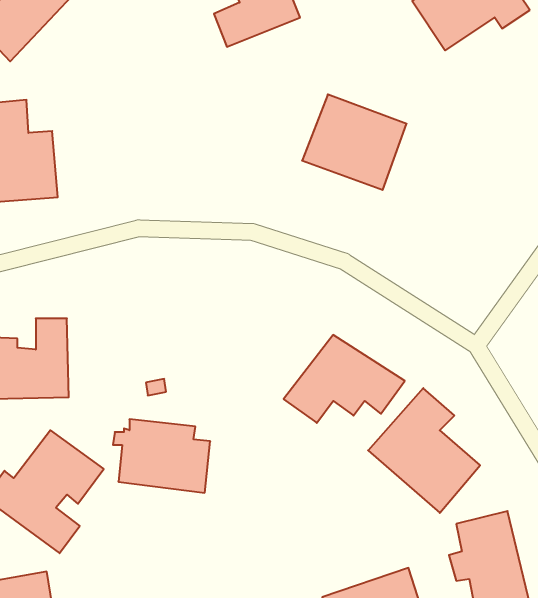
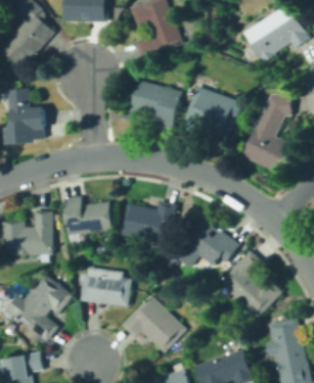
building: none -> [128,79,181,127]
building: none -> [243,96,294,177]
building: none -> [62,195,111,234]
building: none -> [120,199,177,243]
building: none -> [122,294,185,351]

